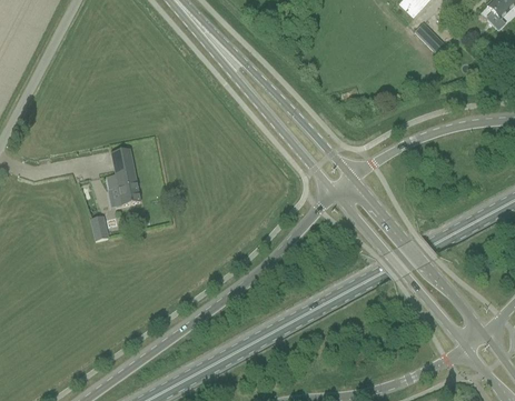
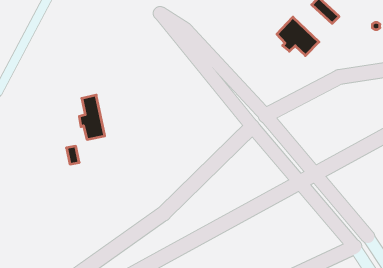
building: none -> [277,17,319,56]

